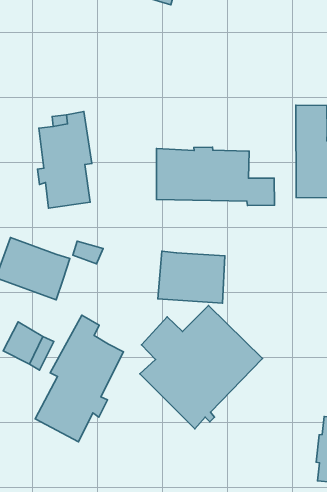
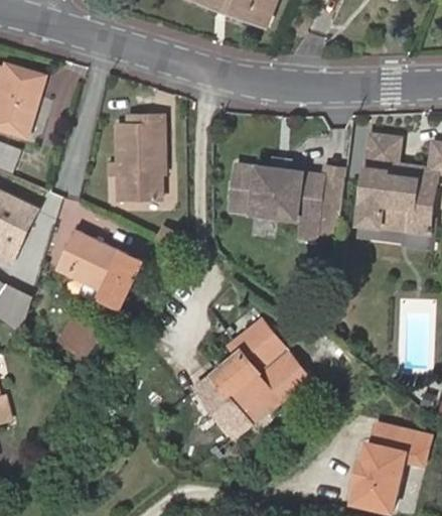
building: none -> [317,167,346,205]
building: [158,251,225,303] -> none
building: [35,315,124,442] -> none

